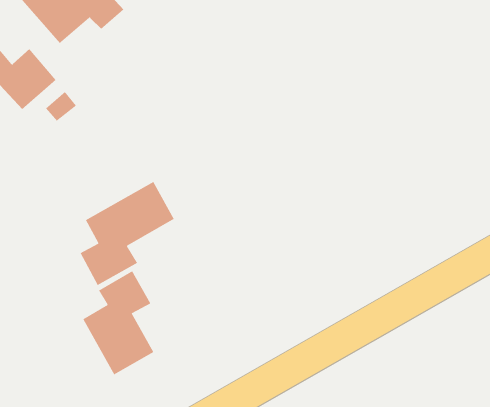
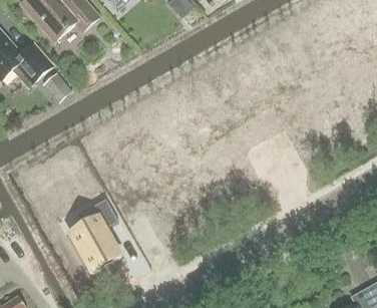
building: [80,181,175,286] -> none

